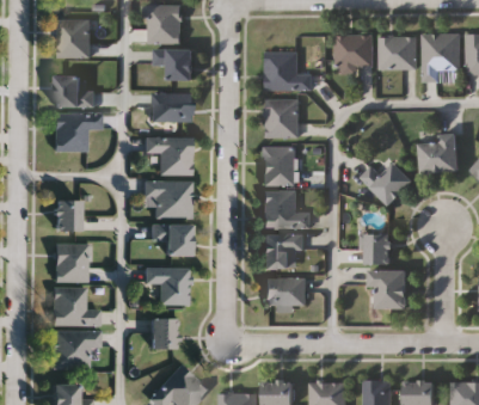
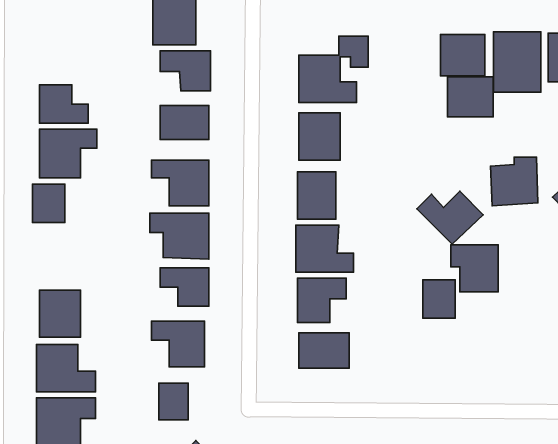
building: [57,19,90,57] -> none
building: [336,35,373,67] -> [448,77,493,117]
building: [55,200,81,231] -> [32,184,65,222]
building: [369,270,407,308] -> [451,245,498,292]

